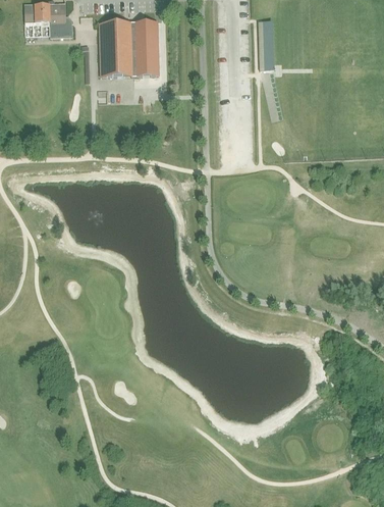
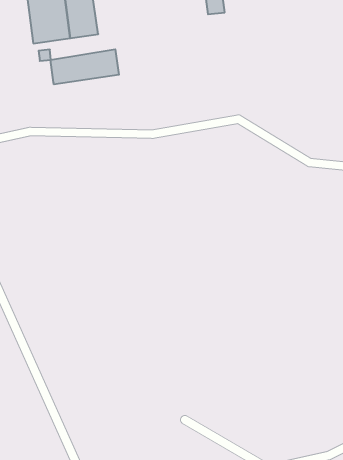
building: none -> [50,49,119,84]

